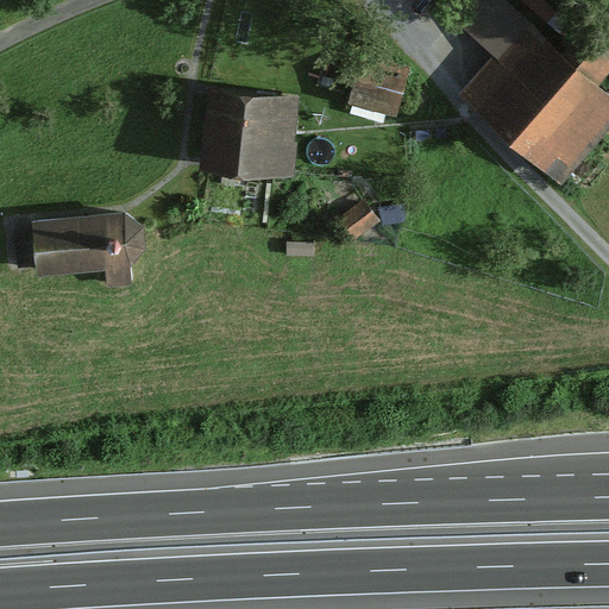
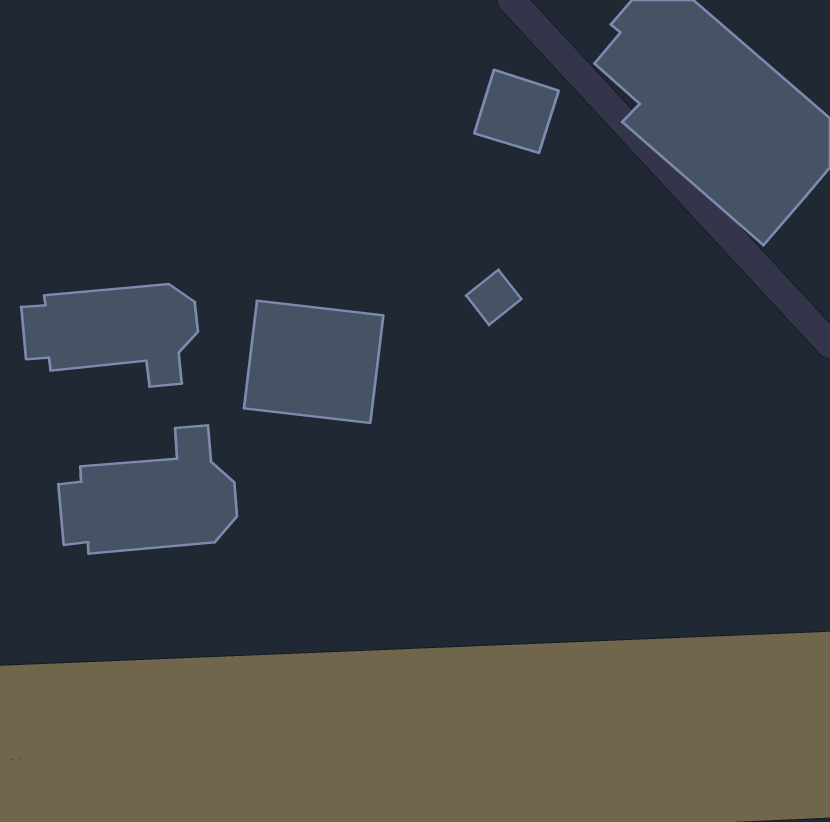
building: [199,90,301,180] -> [244,301,383,423]
building: none -> [58,425,237,554]

